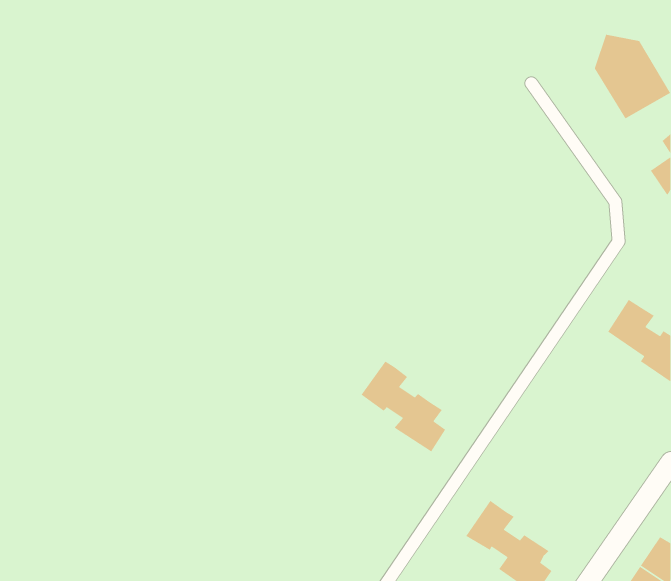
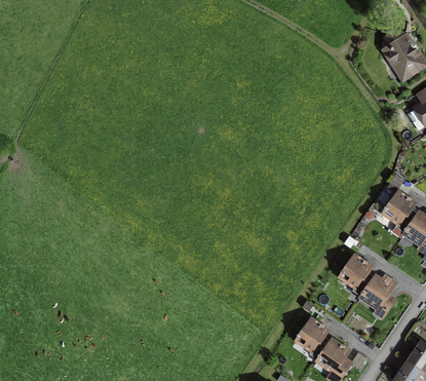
building: [360,360,446,453] -> [341,256,394,313]

